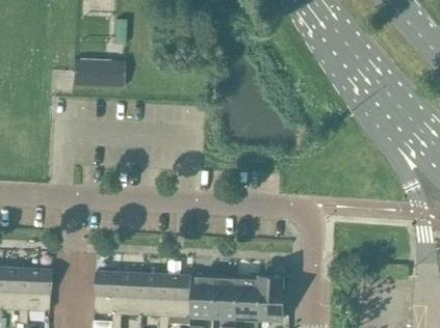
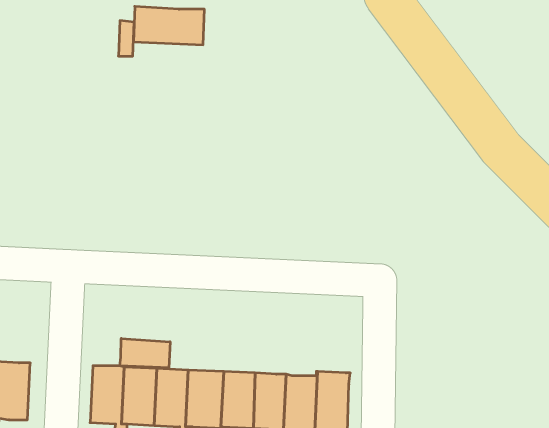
building: [72,59,124,87] -> [133,6,204,45]
building: none -> [120,338,170,368]

